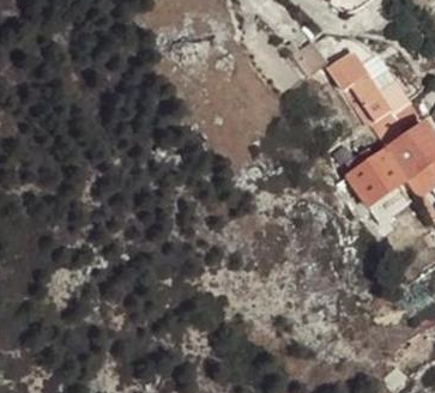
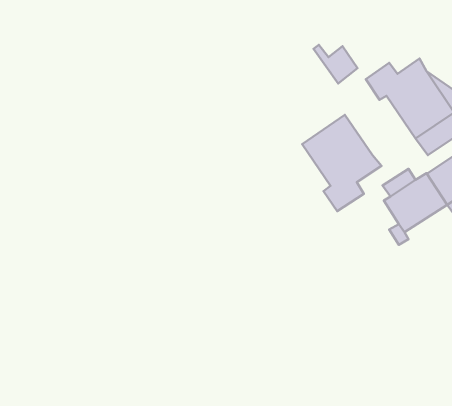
building: none -> [302,115,382,211]

